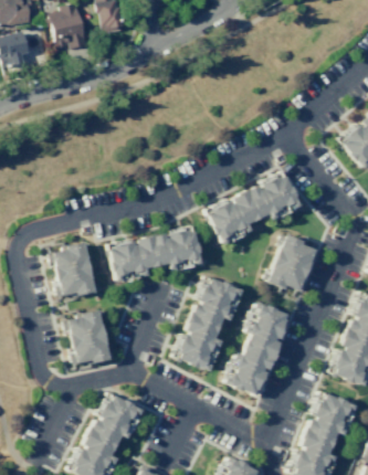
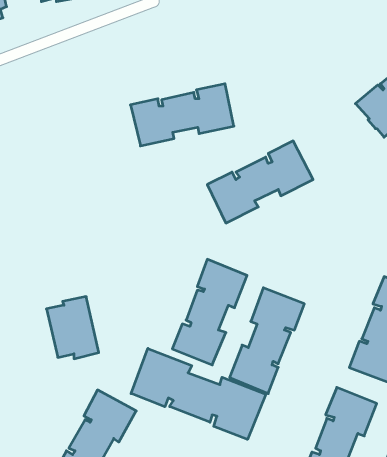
building: [109,225,201,281] -> [130,84,234,146]
building: [267,233,317,291] -> none
building: [49,242,96,297] -> none
building: none -> [131,348,266,439]

